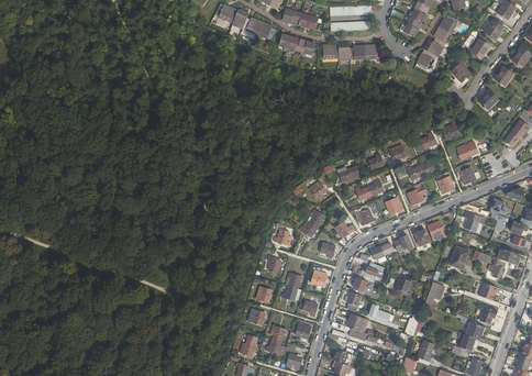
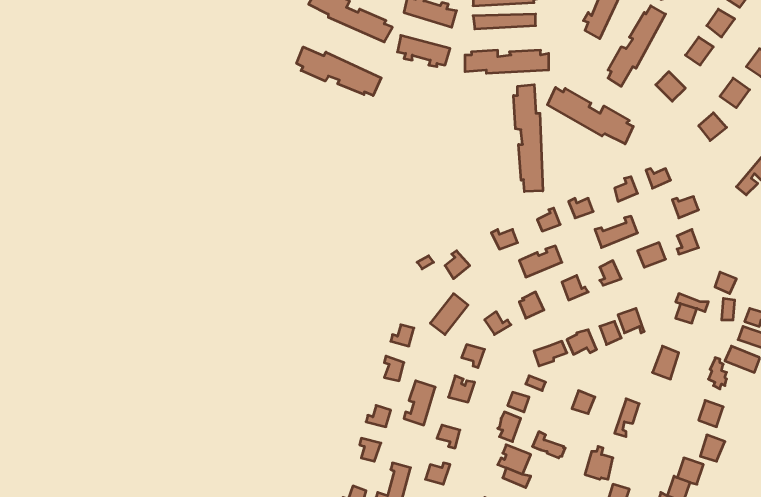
building: none -> [297,47,381,96]
building: none -> [514,85,543,192]
building: none -> [547,87,633,144]

